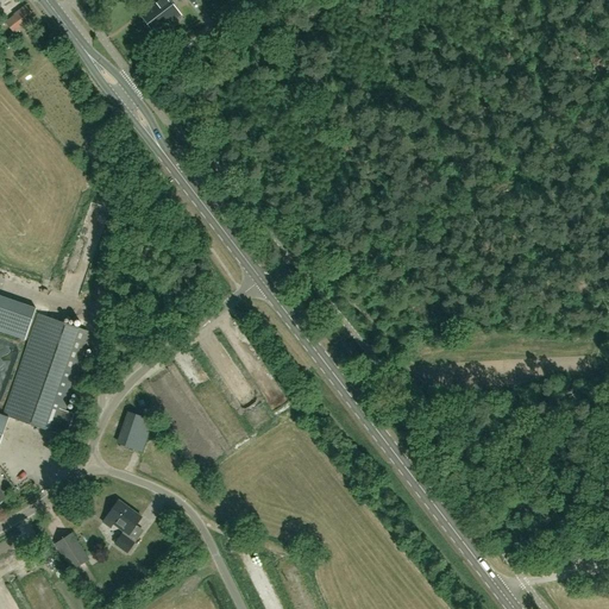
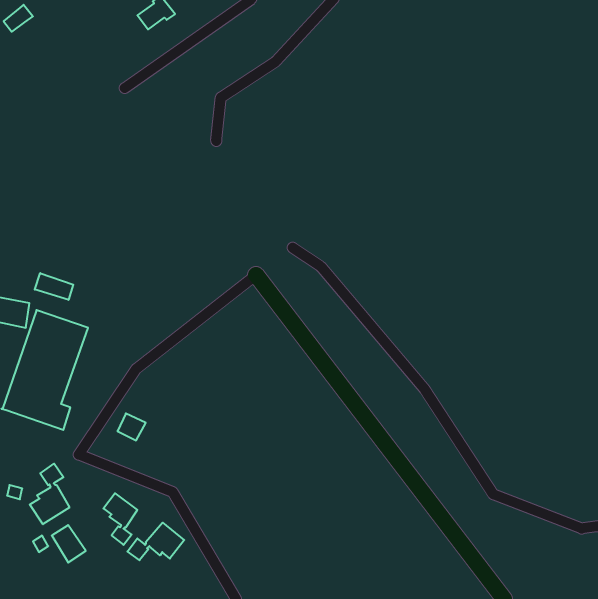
building: none -> [35,273,73,300]
building: none -> [30,464,69,524]
building: none -> [127,523,184,560]

